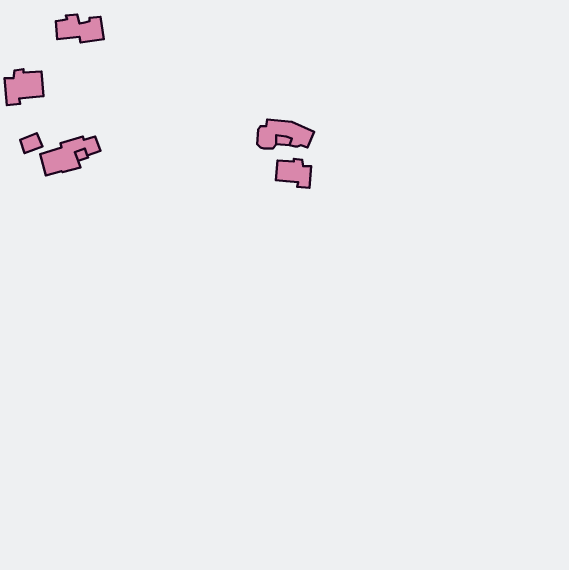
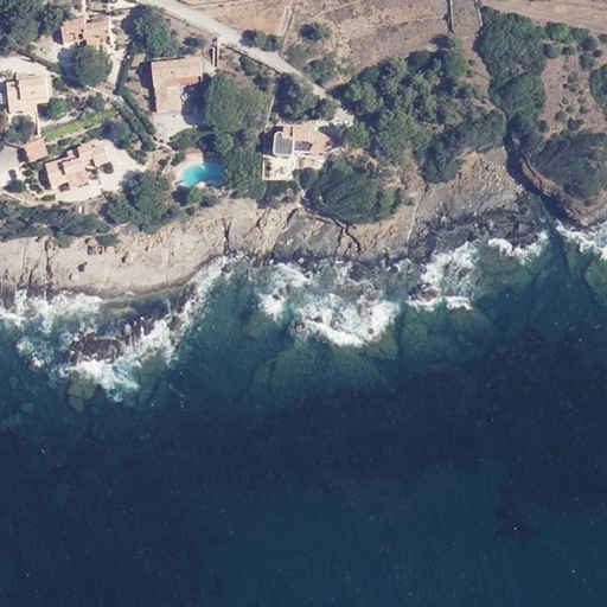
building: none -> [152,59,200,111]
building: [276,159,311,188] -> none

